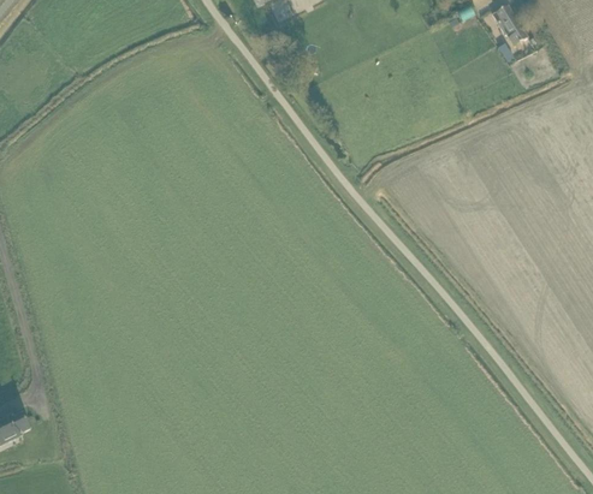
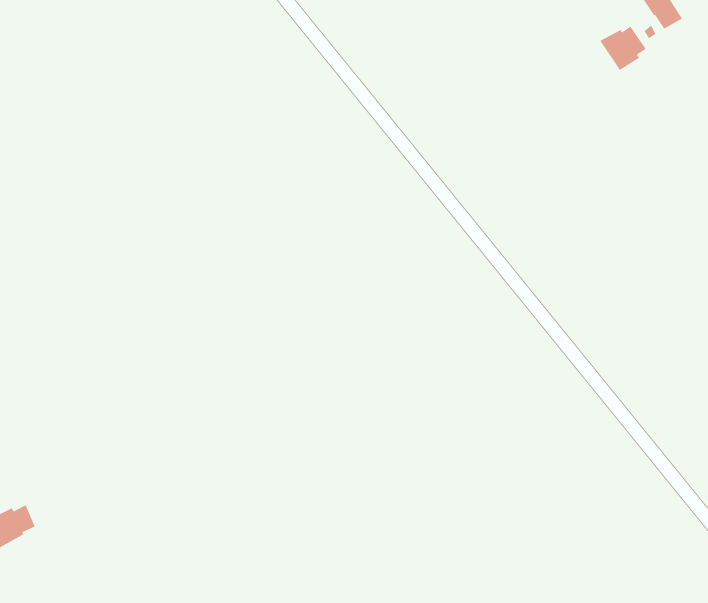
building: none -> [600,26,647,71]

